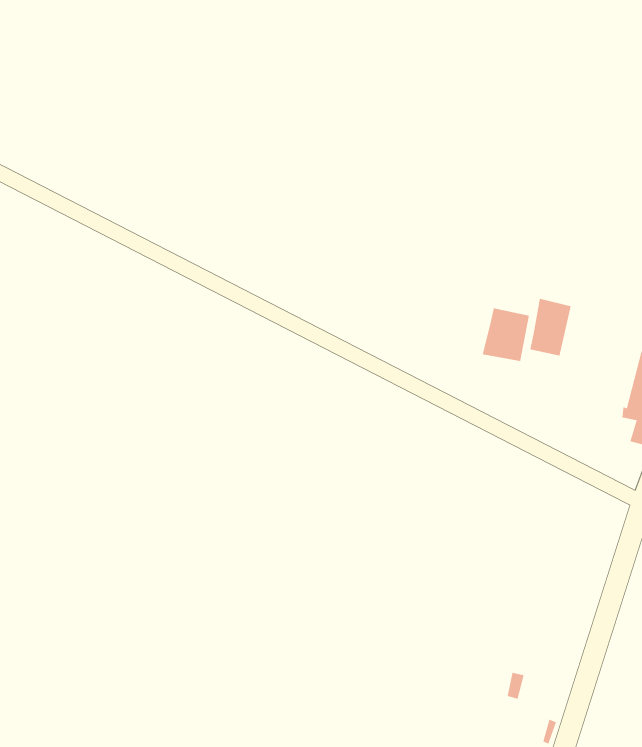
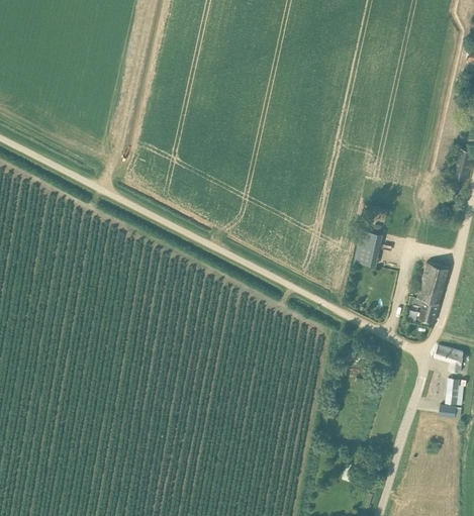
building: [482,308,529,362] -> none

